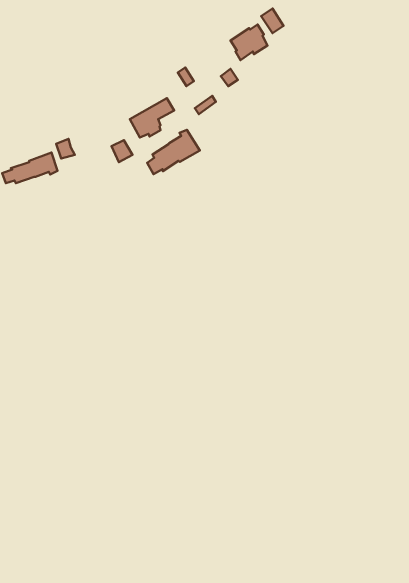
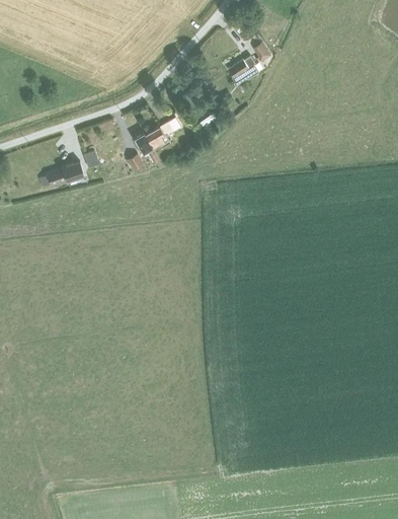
building: [147,130,200,174] -> none

